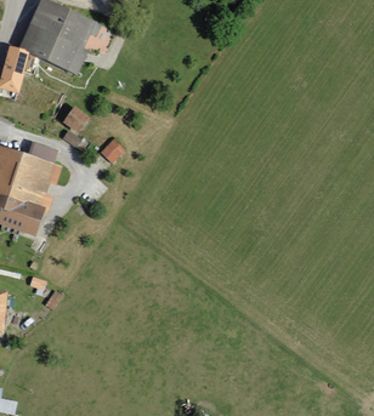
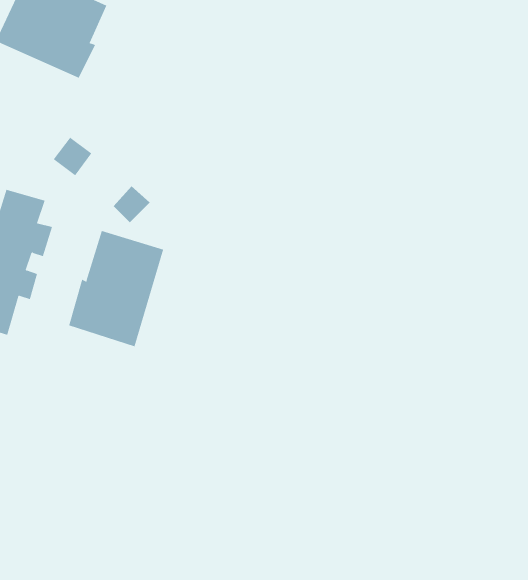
building: none -> [68,230,164,347]

